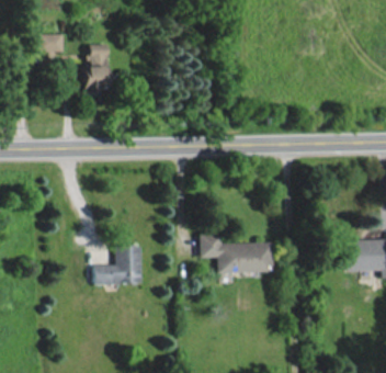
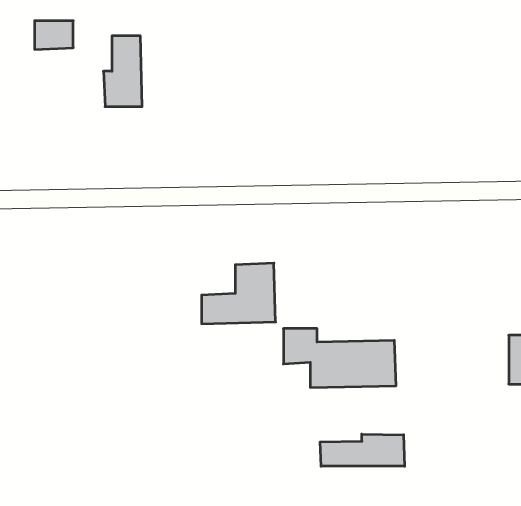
building: [94,246,143,285] -> [202,263,276,324]
building: none -> [320,434,405,466]

